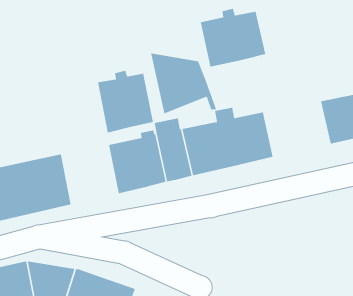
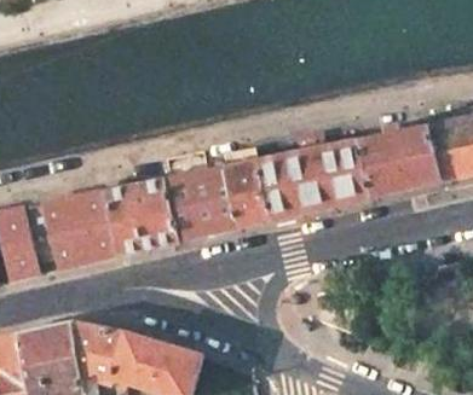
building: [200,8,266,67] -> [356,123,437,196]
building: [150,52,217,115] -> none
building: [97,70,154,133] -> [109,176,178,254]

